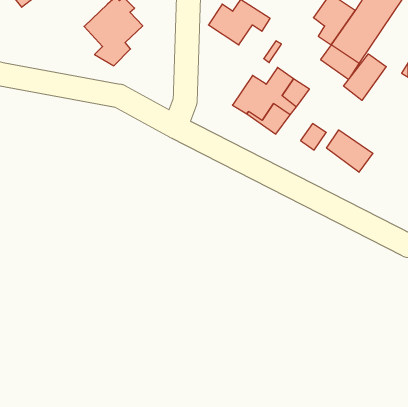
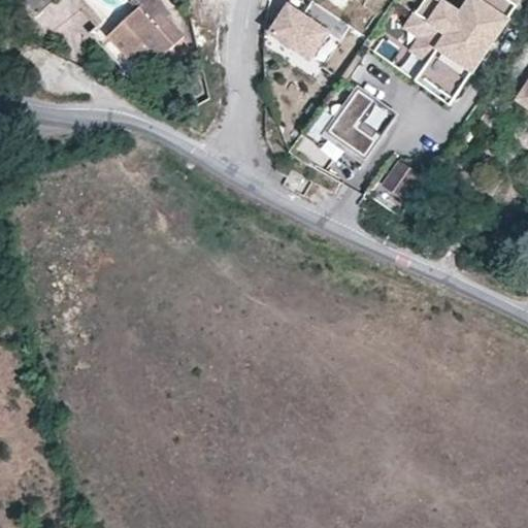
building: [344,54,386,100] -> none
building: [327,130,373,172] -> none

